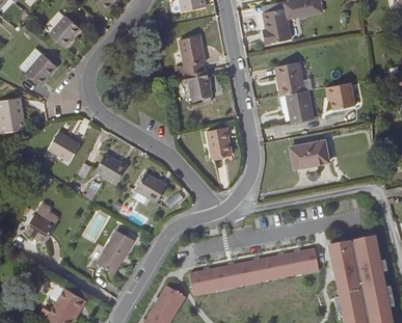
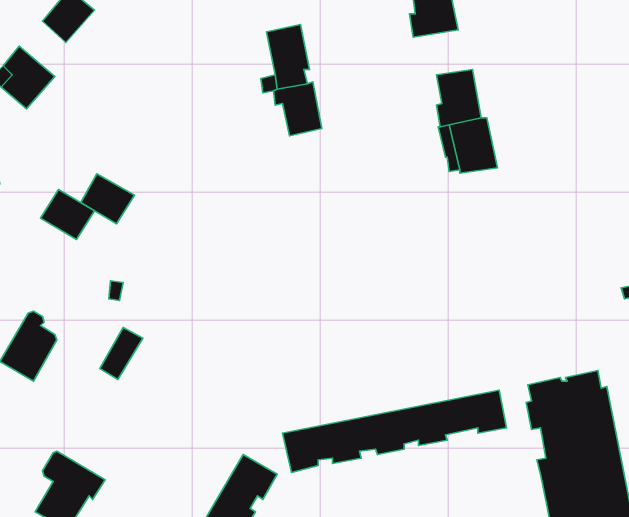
building: [326,81,355,108] -> none
building: [207,126,232,158] -> none
building: [290,139,328,168] -> none
building: [96,153,127,182] -> [81,174,135,224]
building: [135,171,166,201] -> none
building: [99,230,133,271] -> none

